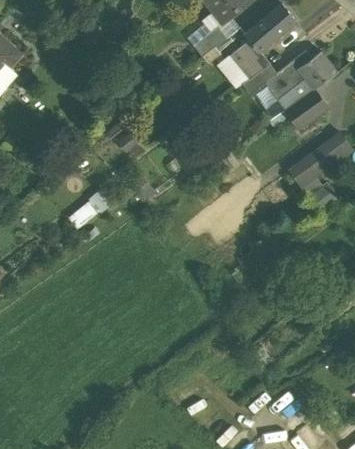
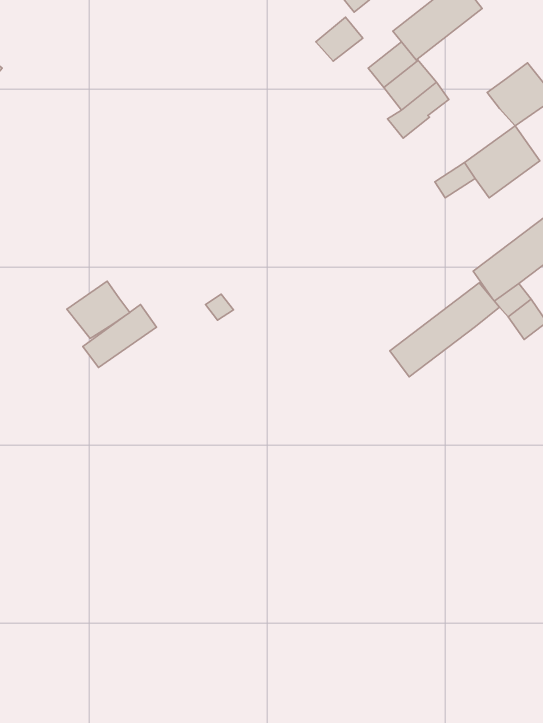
building: [264,53,309,100] -> none
building: none -> [67,281,130,339]
building: none -> [390,283,499,377]

